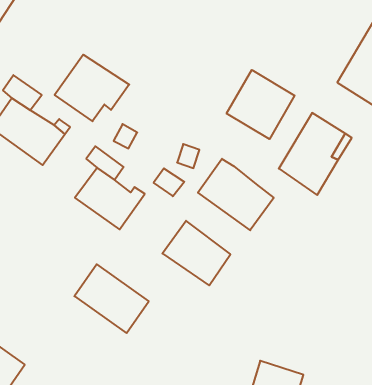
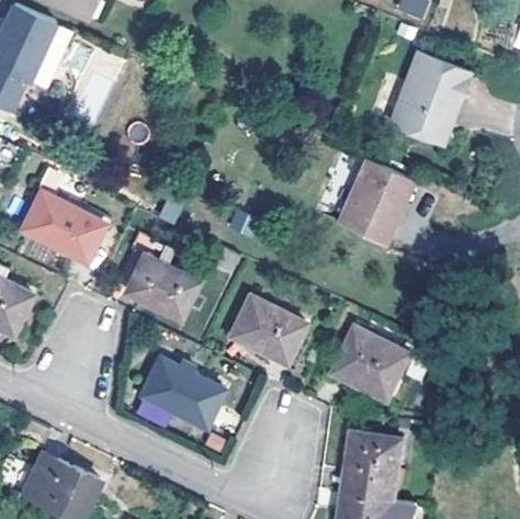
building: [55,55,129,121] -> none
building: [227,70,295,139] -> none
building: [198,159,274,230] -> none
building: none -> [334,329,410,400]

